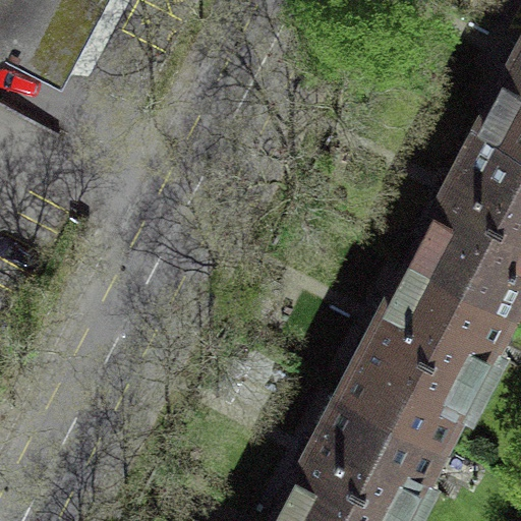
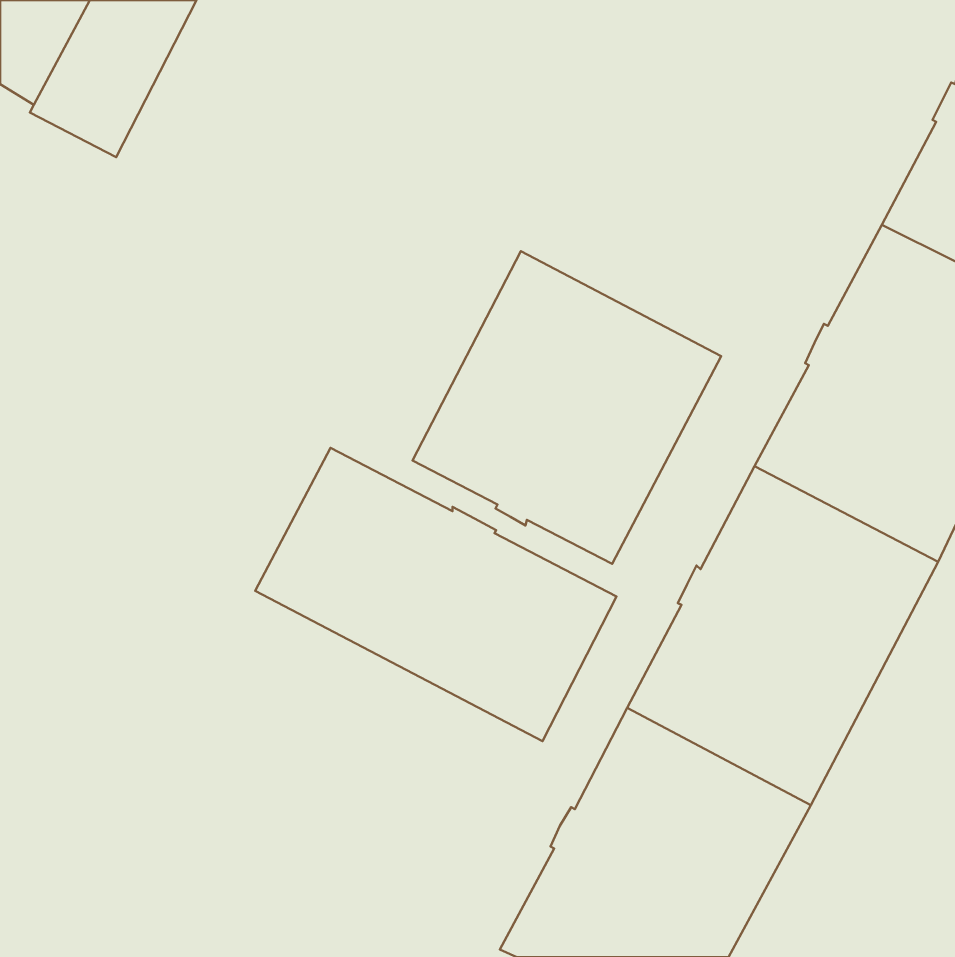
building: none -> [413,251,721,564]
building: none -> [255,448,617,741]

